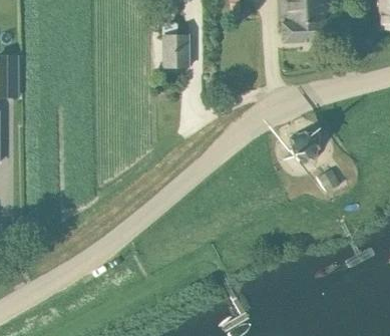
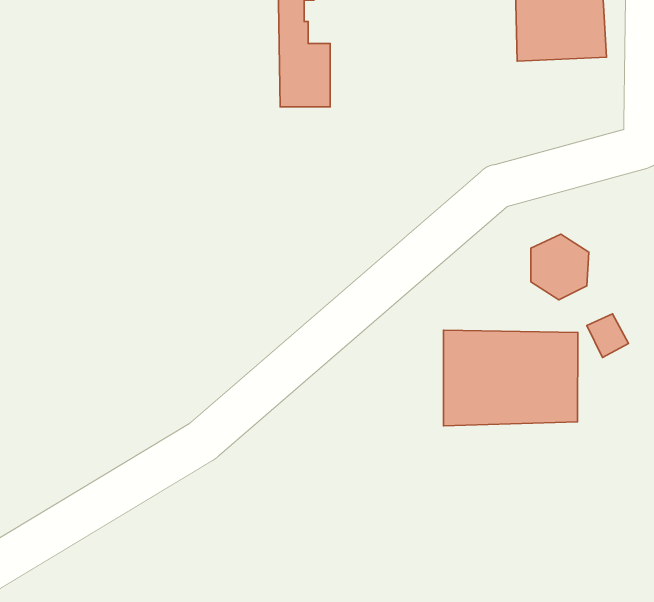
building: none -> [443,330,578,426]

